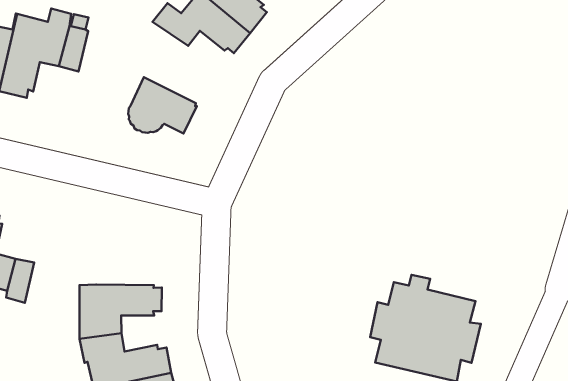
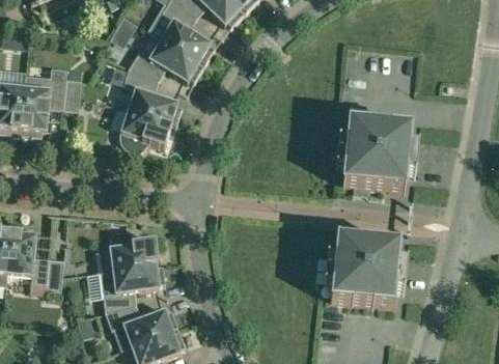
building: none -> [121,65,181,122]
building: none -> [334,120,416,194]
building: none -> [108,230,156,269]

